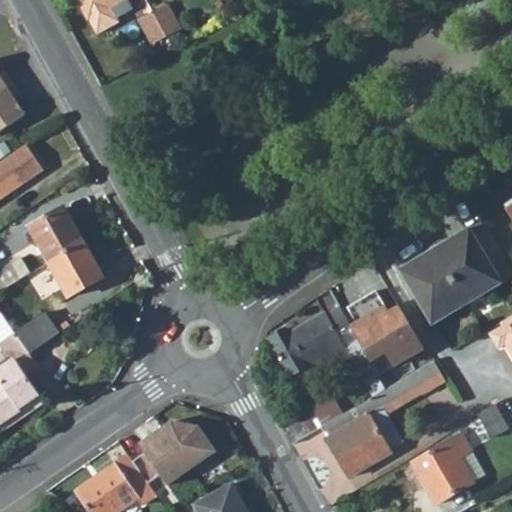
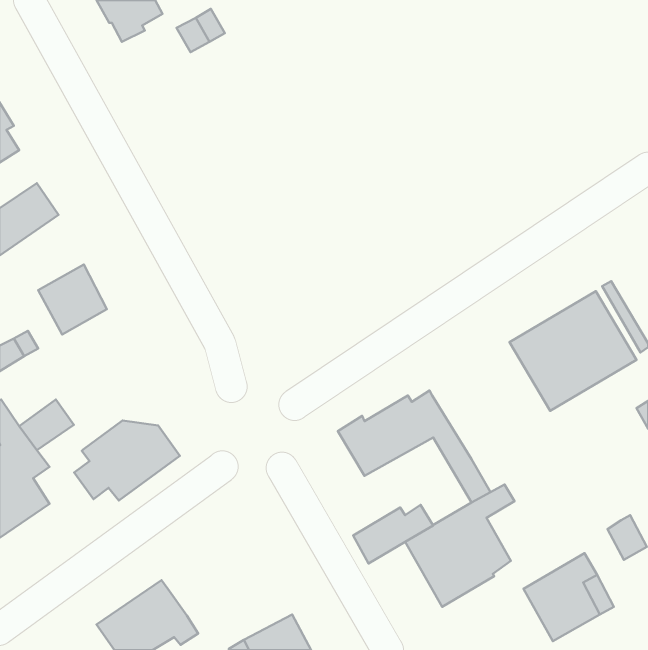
building: [49,243,104,298] -> none
building: [340,290,422,367] -> none
building: [397,360,443,400] -> none
building: [132,422,215,485] -> [74,420,180,500]

